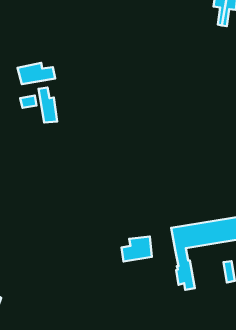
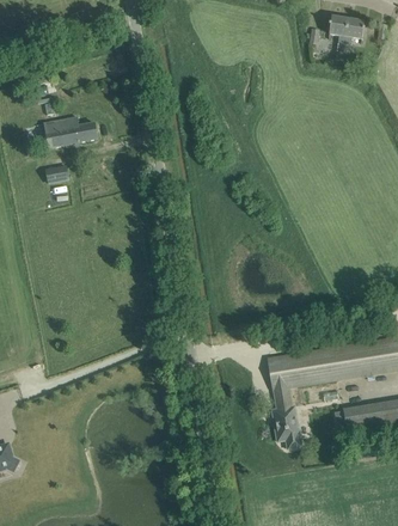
building: [39,88,57,122] -> none
building: [121,236,152,262] -> none

